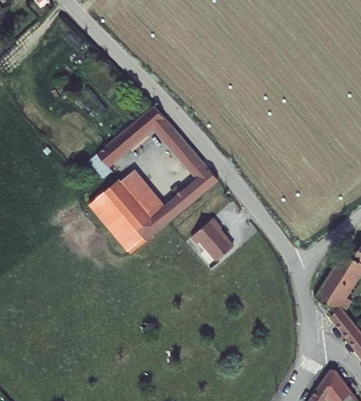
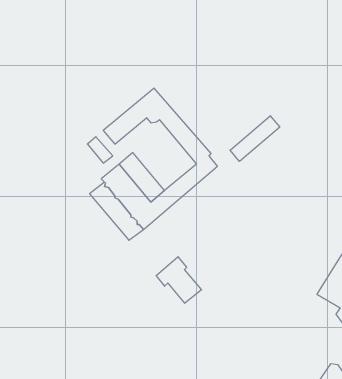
building: none -> [230,116,280,161]
building: [190,215,235,260] -> [156,257,202,303]

